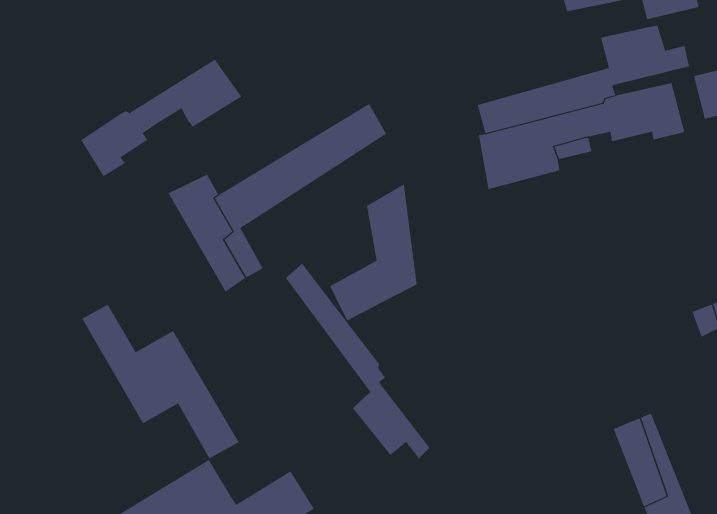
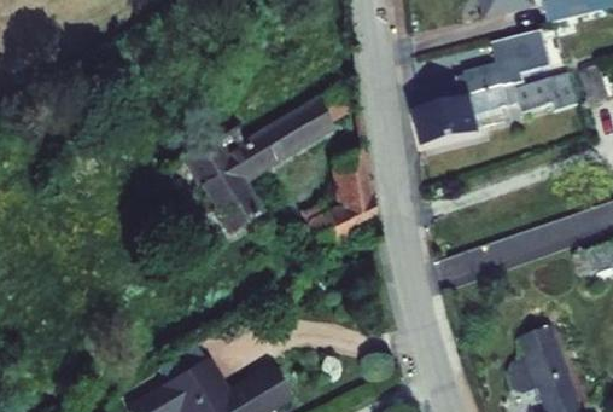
building: [81,59,242,177] -> none
building: [285,263,430,459] -> none
building: [82,304,240,459] -> none

